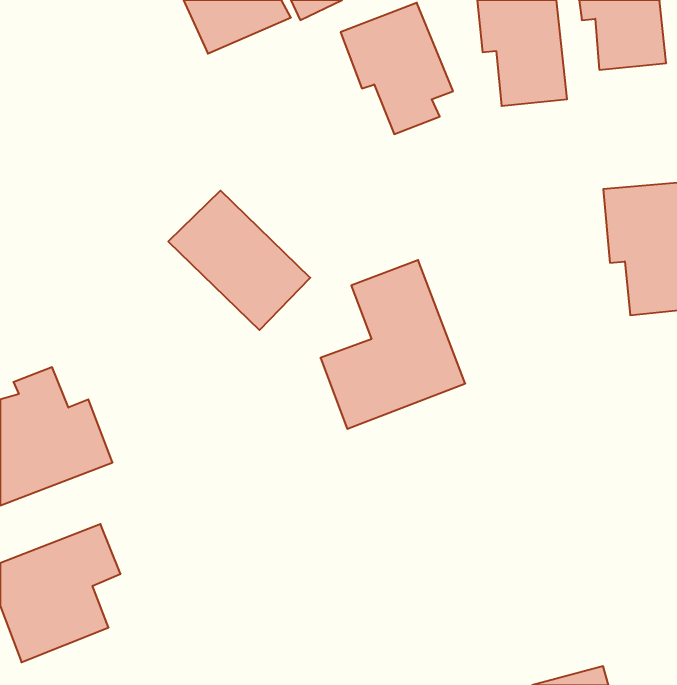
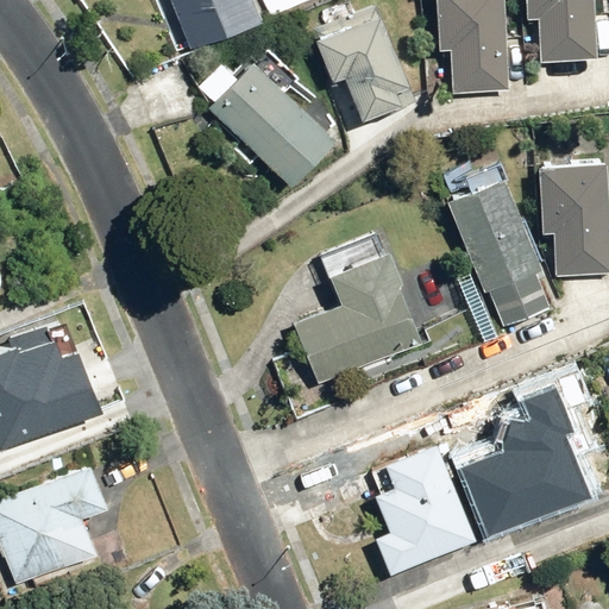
building: [168,191,310,330] -> [207,61,333,184]
building: none -> [444,175,555,327]
building: none -> [470,389,597,536]
building: none -> [371,440,475,575]

